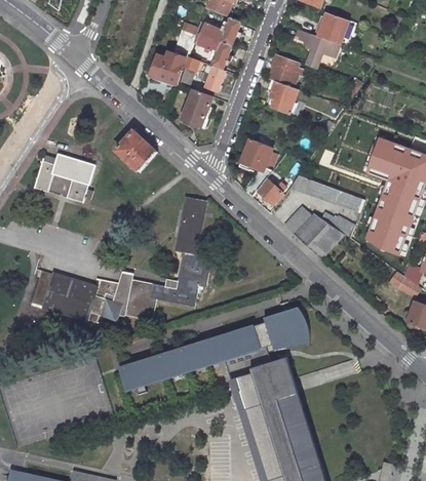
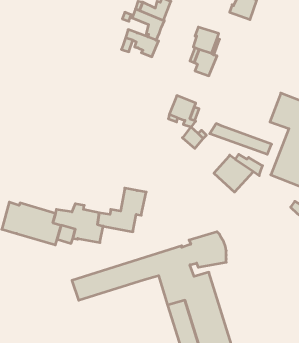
building: [295,29,340,68] -> none
building: [151,52,184,83] -> none
building: [181,88,212,125] -> none
building: [114,129,156,171] -> none
building: [35,155,96,204] -> none
building: [175,198,207,256] -> none
building: [282,205,312,235] -> none

